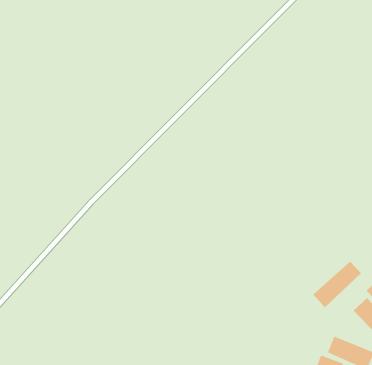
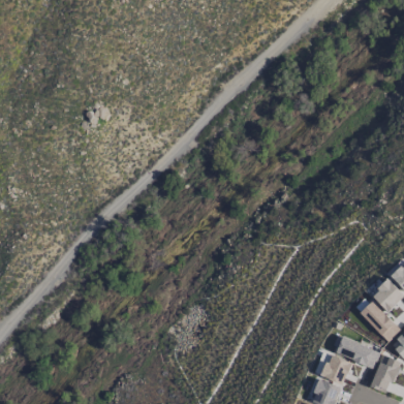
building: [312,261,362,308] -> none

